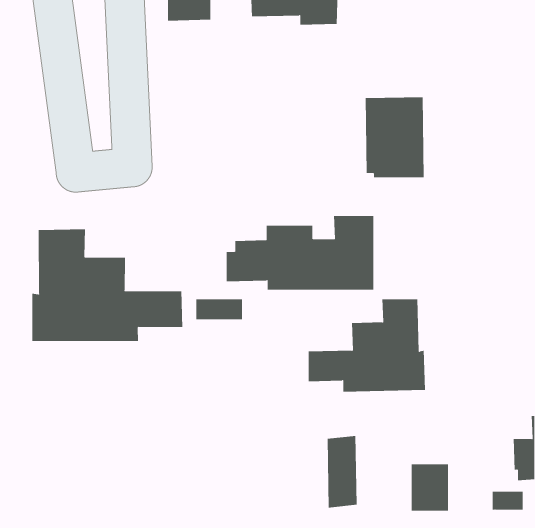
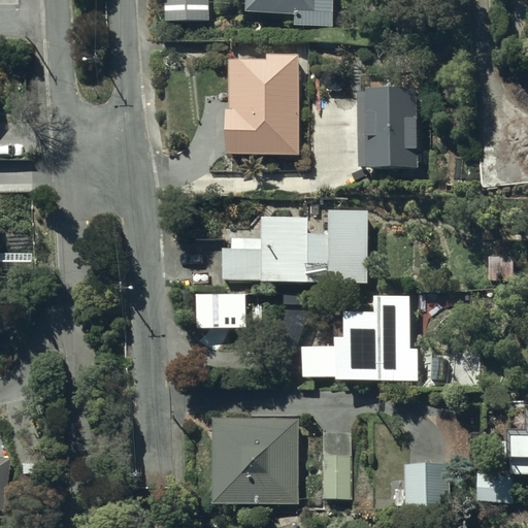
building: none -> [225,55,300,157]
building: [32,228,183,342] -> none
building: none -> [209,407,298,495]

